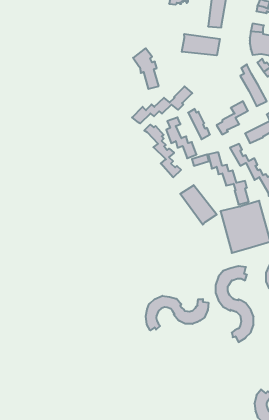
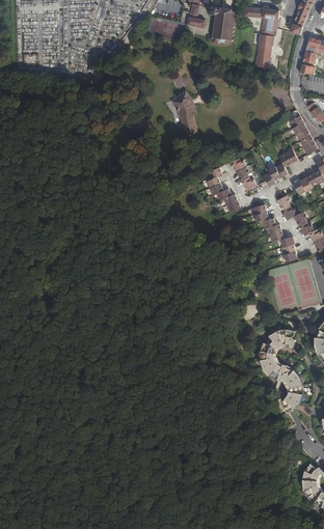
building: [182,34,220,55] -> none
building: [132,86,192,123] -> none
building: [144,125,181,177] -> none
building: [180,185,217,225] -> none
building: [146,296,208,330] -> none

